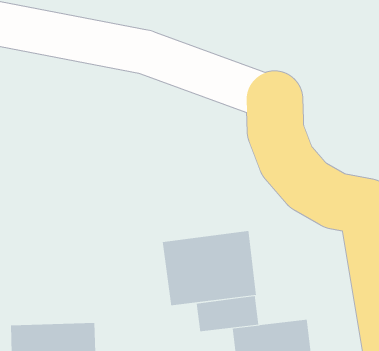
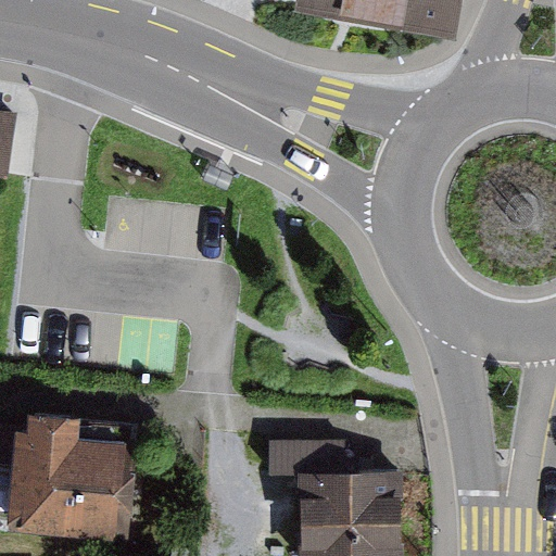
building: [162,230,257,306] -> none

